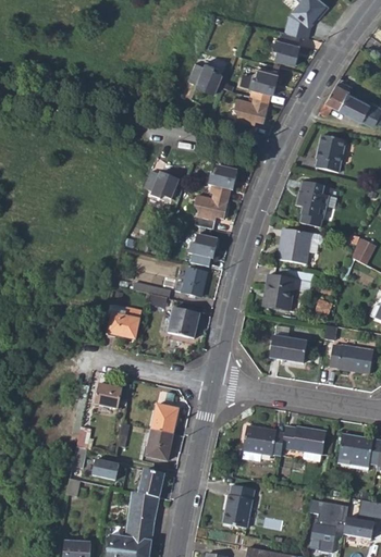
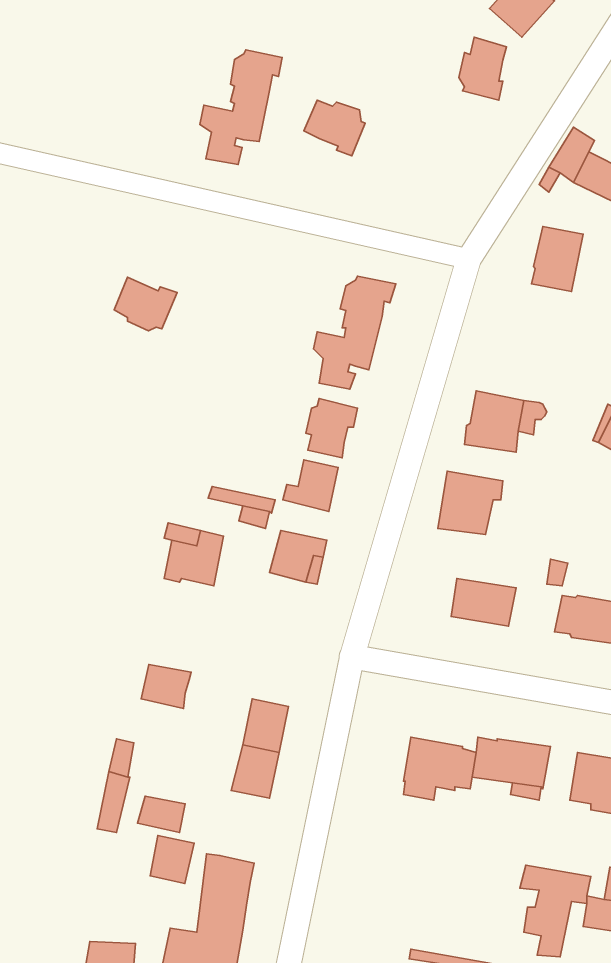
building: [231,66,278,132] -> [200,50,282,165]
building: [142,171,177,201] -> [114,277,177,331]
building: [296,181,329,226] -> none
building: [138,470,163,497] -> [150,836,194,883]
building: [222,485,254,528] -> none

